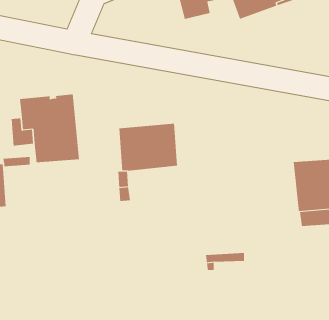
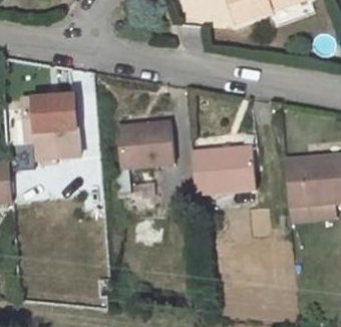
building: none -> [192,144,256,194]

